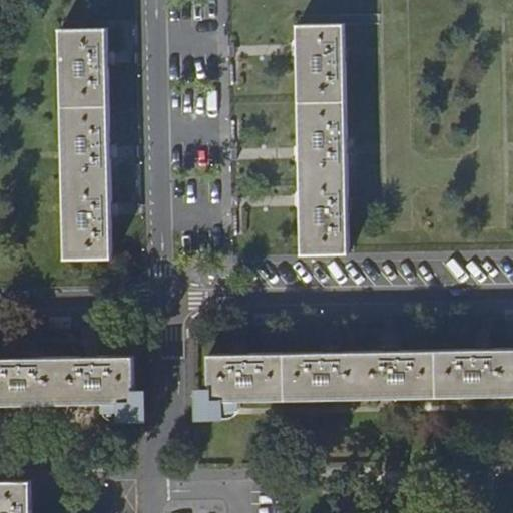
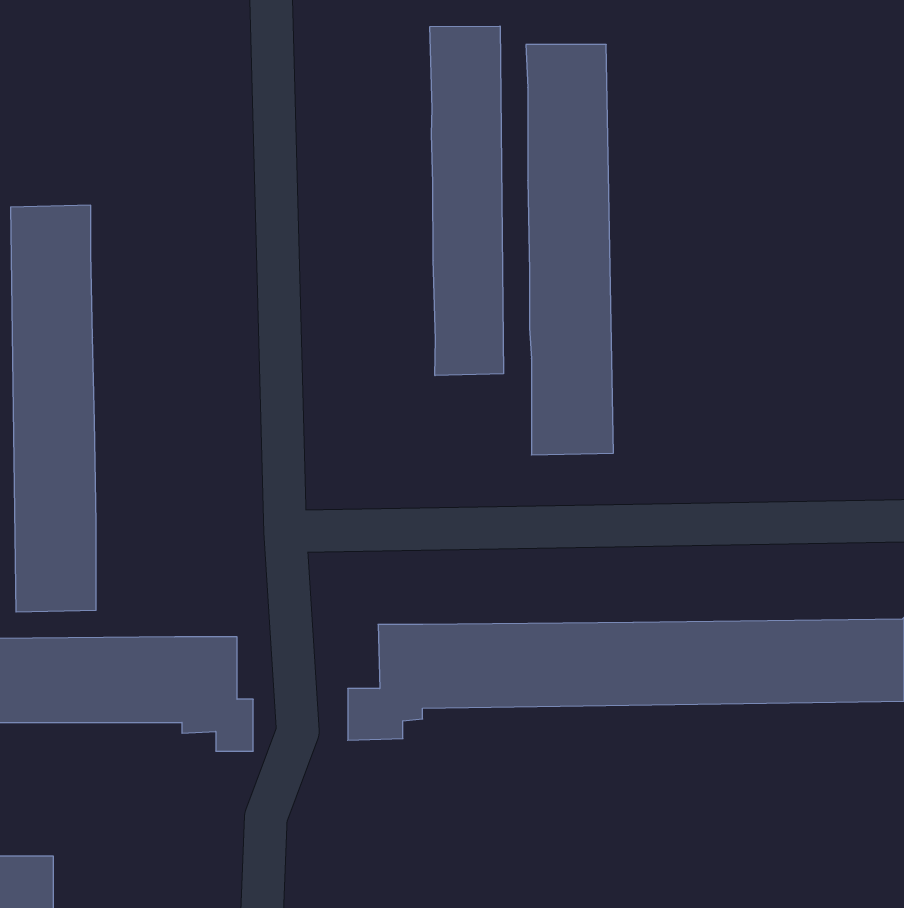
building: none -> [430,26,503,376]
building: [62,32,110,261] -> [11,205,96,612]

